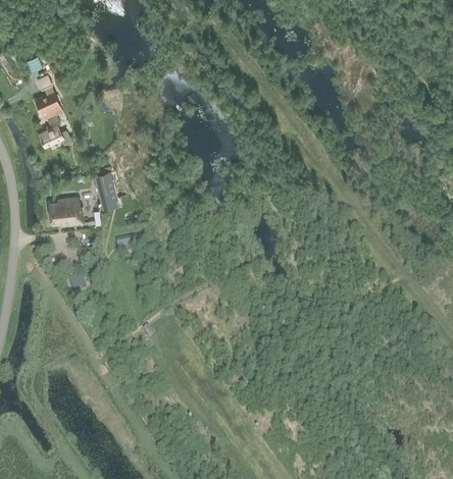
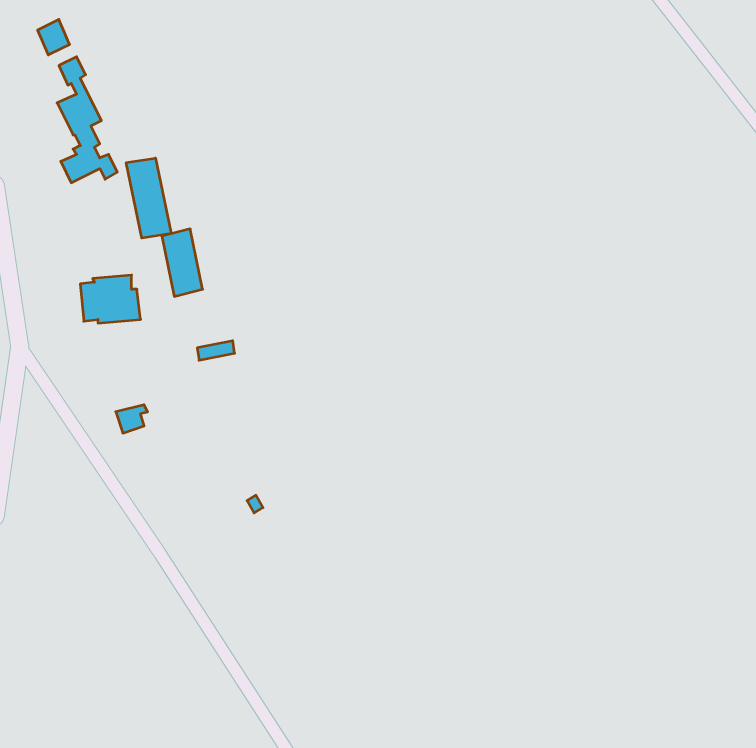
building: none -> [126,158,171,238]

